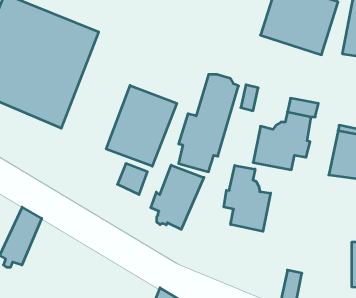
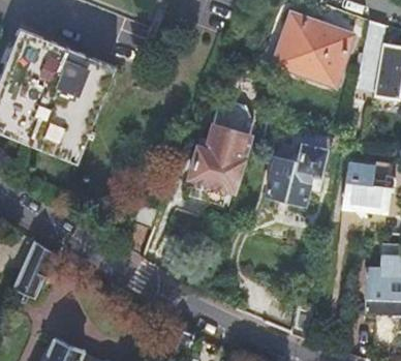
building: [106,85,177,166] -> none
building: [151,165,204,229] -> none
building: [224,165,271,231] -> none

